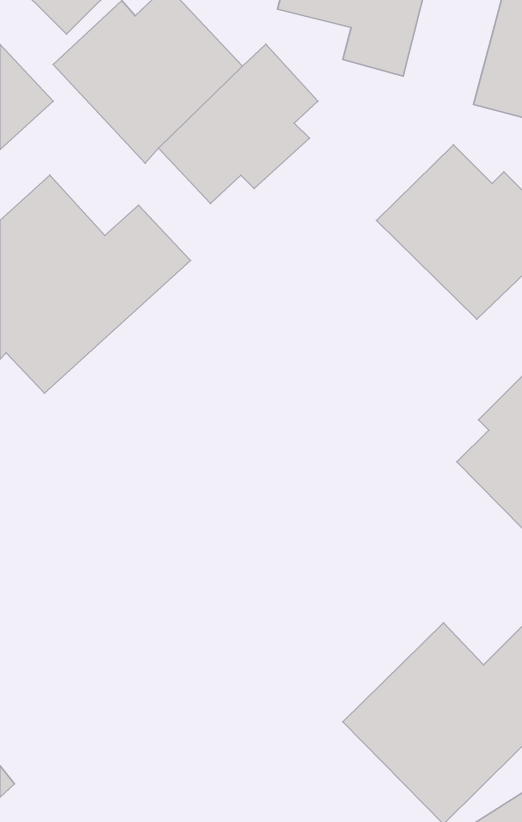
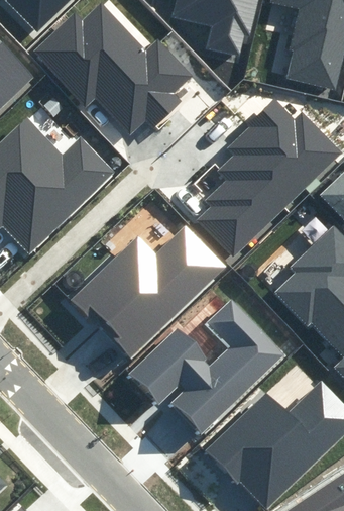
building: none -> [195,145,288,258]
building: none -> [73,223,228,359]
building: none -> [134,296,288,435]

